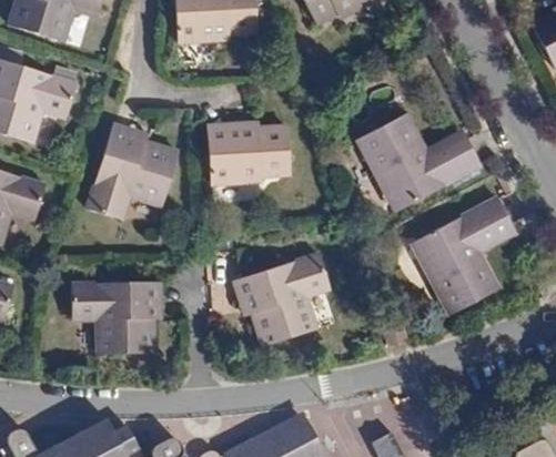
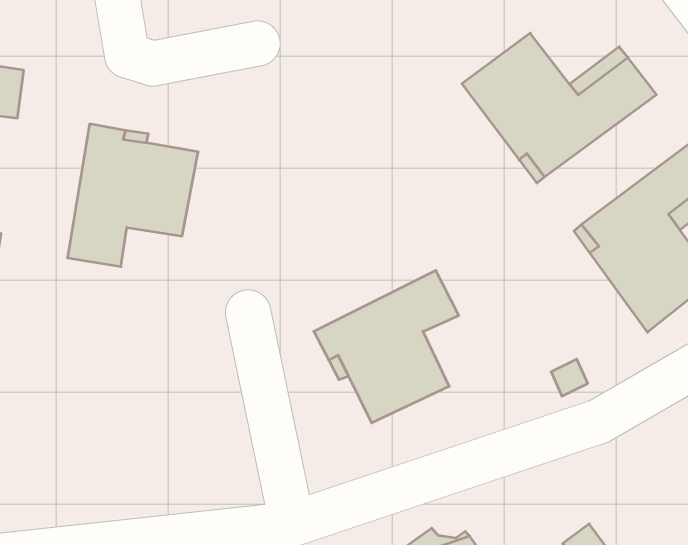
building: [206,124,290,183] -> none
building: [72,282,161,355] -> none

